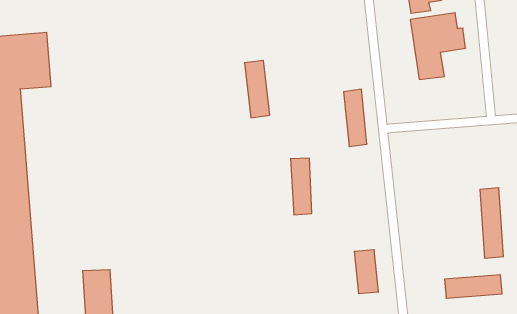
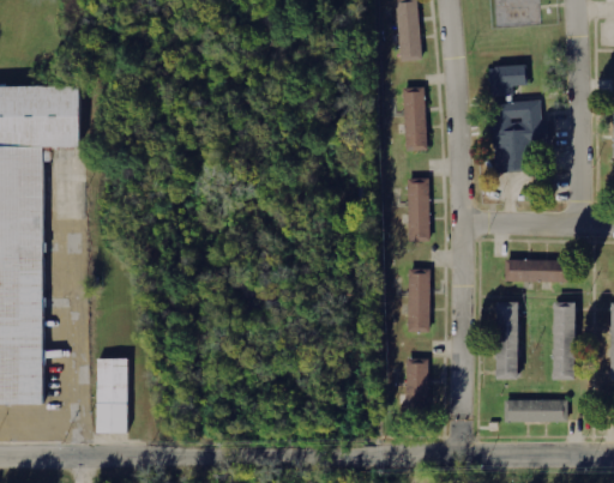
building: [244,60,270,118] -> [403,86,427,150]
building: none -> [505,258,572,282]
building: [290,158,312,215] -> [408,267,431,331]
building: none -> [494,301,517,379]

